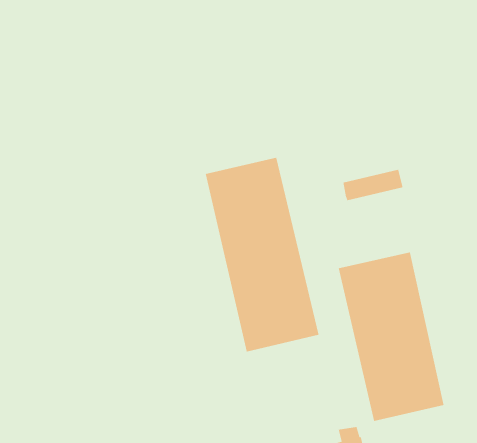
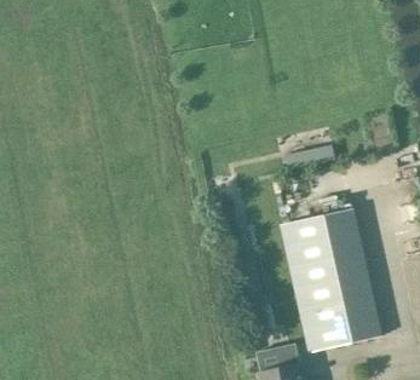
building: [205,157,319,352] -> none

